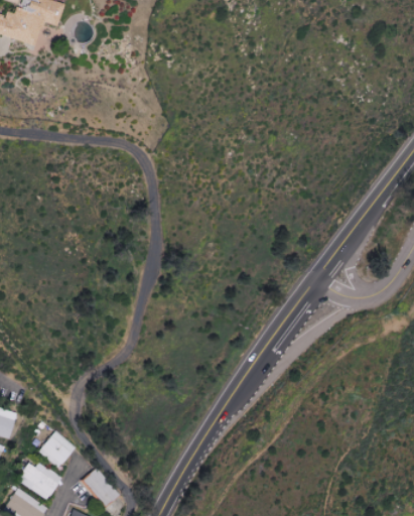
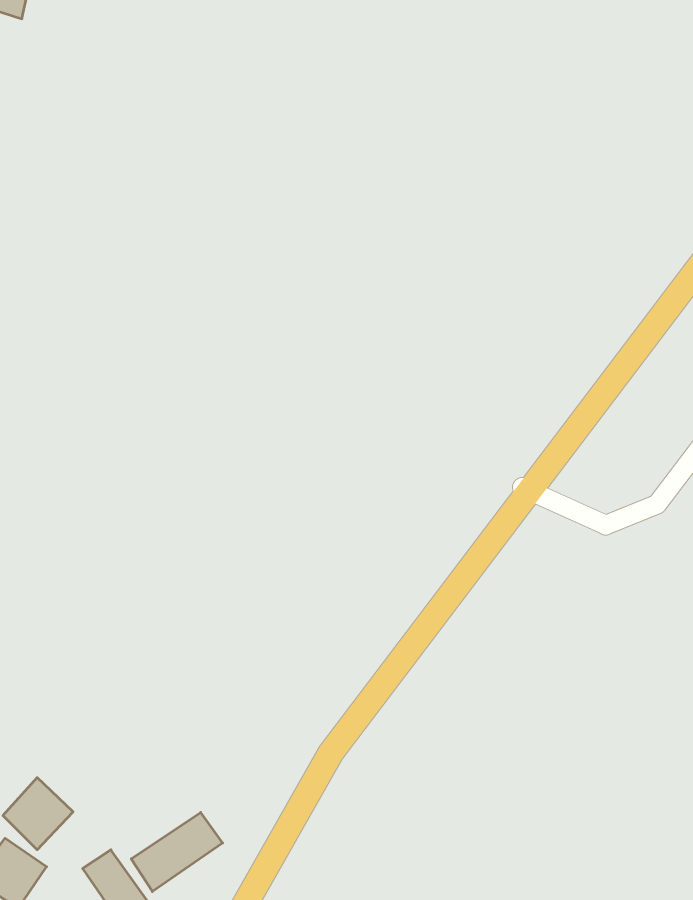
building: none -> [131,812,223,892]

